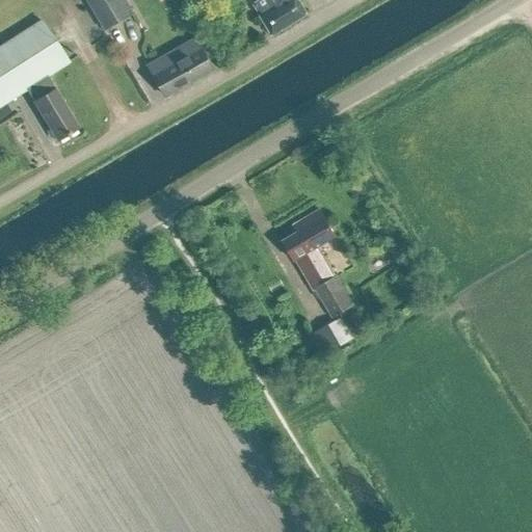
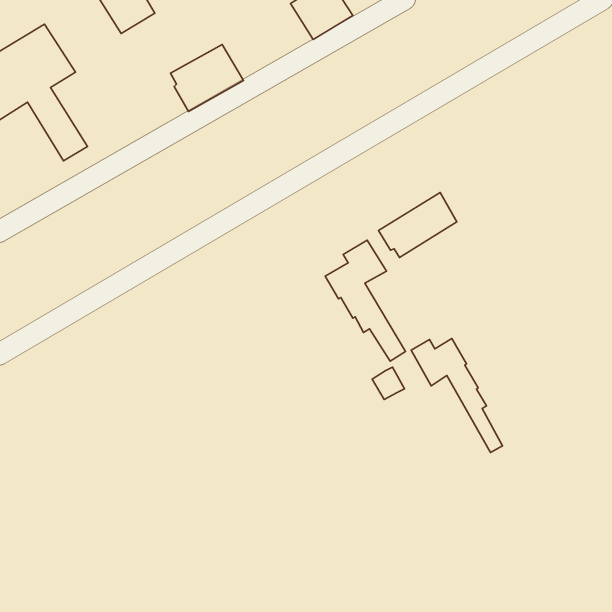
building: none -> [378,192,457,257]
building: none -> [411,339,502,453]

